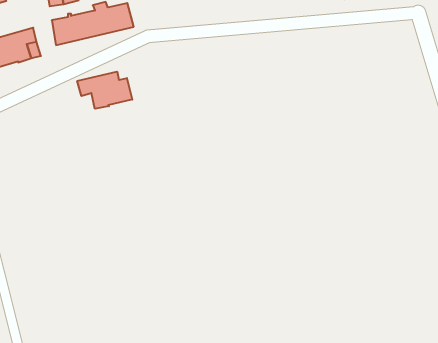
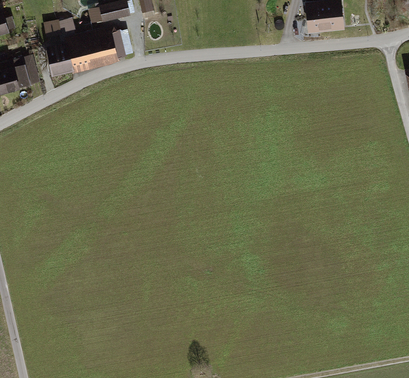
building: [77,72,132,109] -> none

